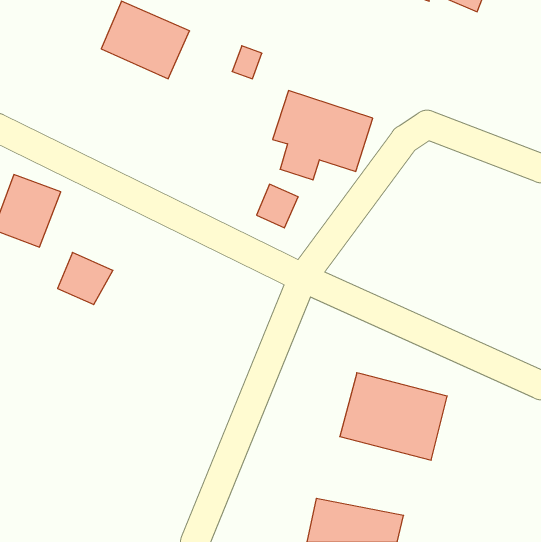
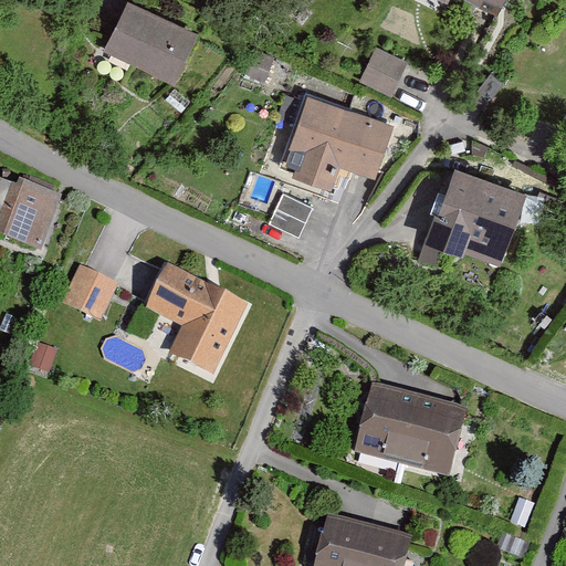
building: none -> [356,45,405,94]
building: none -> [430,171,527,255]
building: none -> [144,265,248,376]

